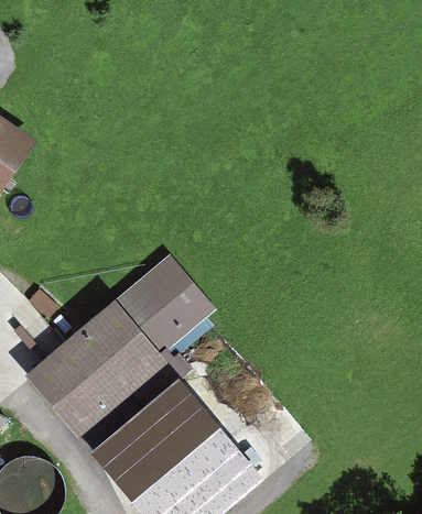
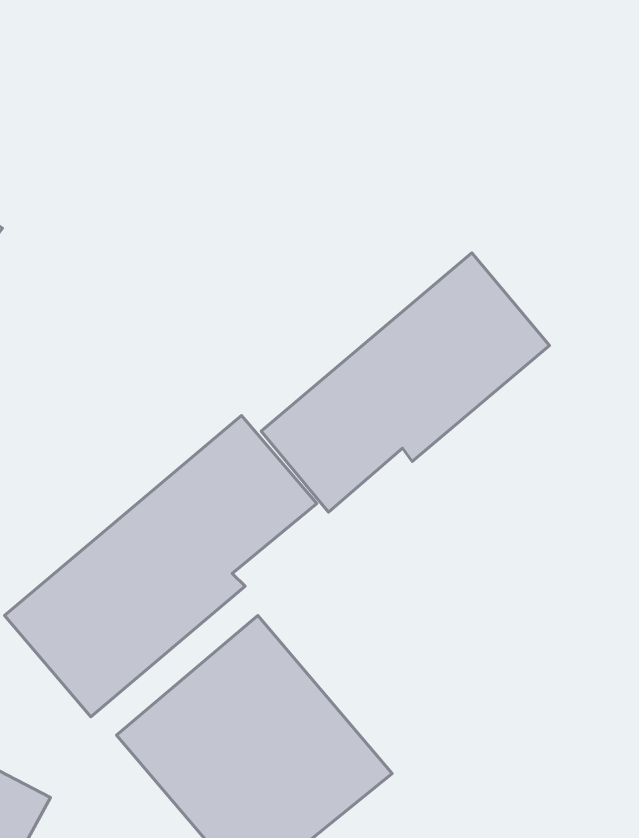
building: none -> [261,253,549,512]

